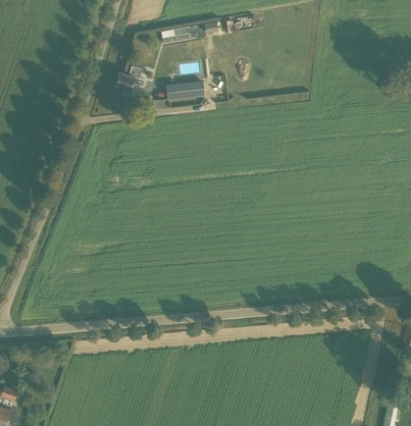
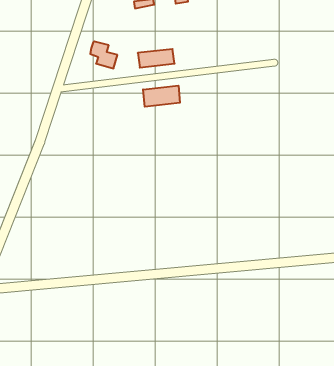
building: none -> [143,86,180,107]

